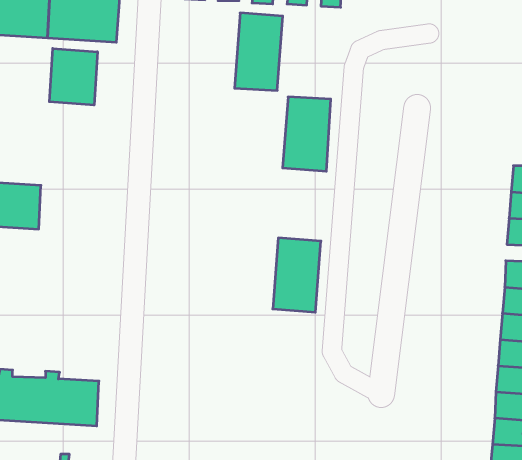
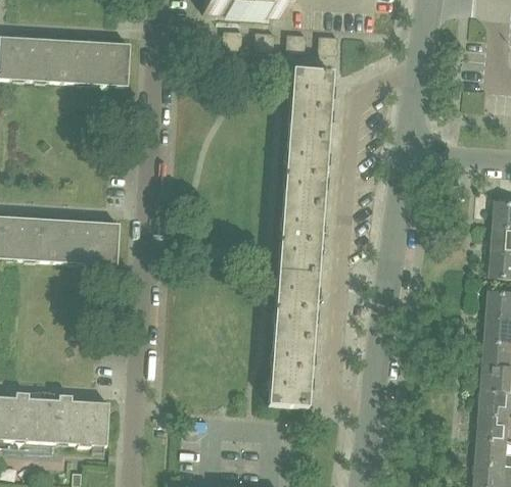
building: [235,13,283,90] -> [288,66,333,139]
building: [49,48,97,105] -> none
building: none -> [279,203,324,272]
building: none -> [55,220,121,264]
building: none -> [269,335,314,404]

